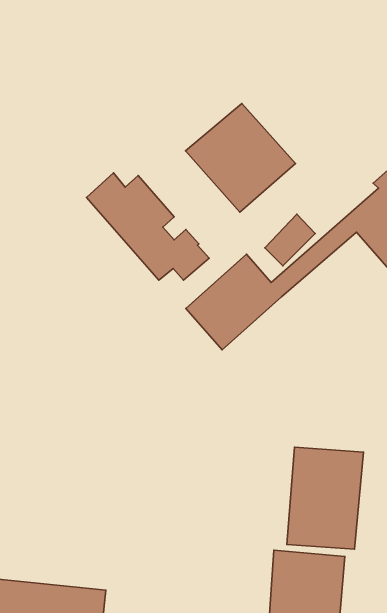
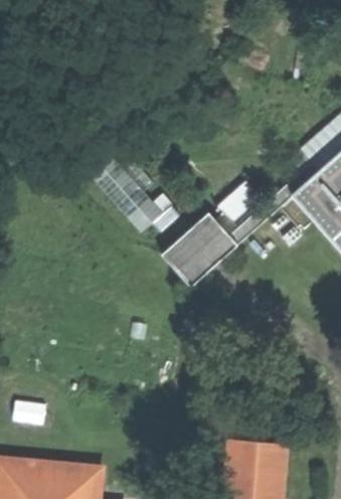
building: [185,103,295,212] -> none
building: [287,447,364,549] -> none

